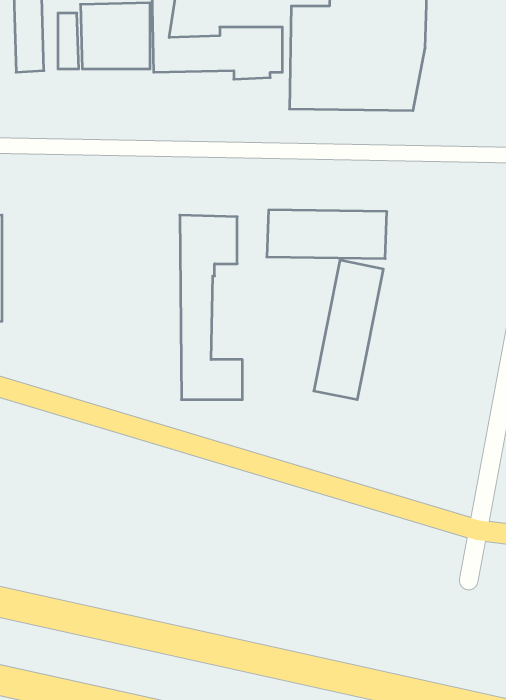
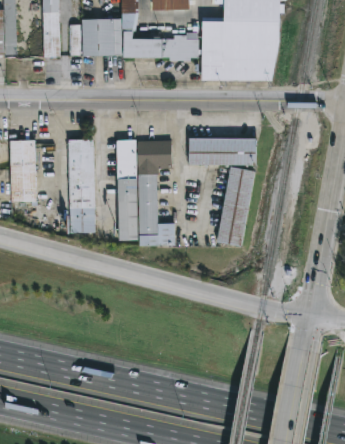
building: none -> [67,139,94,233]
building: none -> [118,140,137,240]

